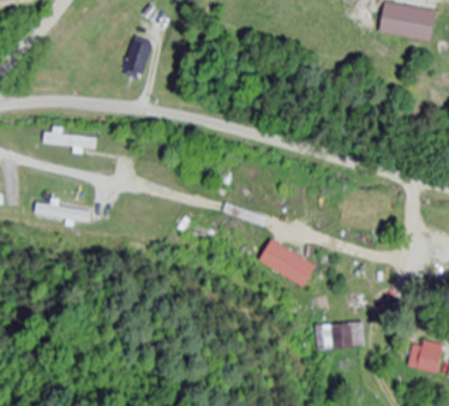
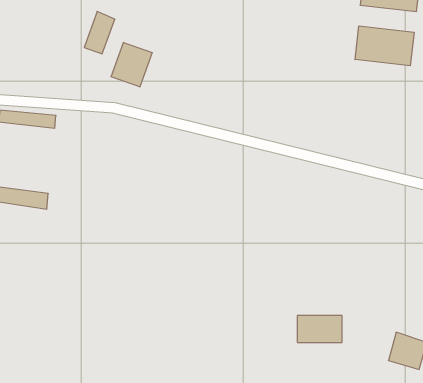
building: none -> [355,26,414,66]
building: none -> [111,42,152,87]
building: [258,238,316,287] -> none

